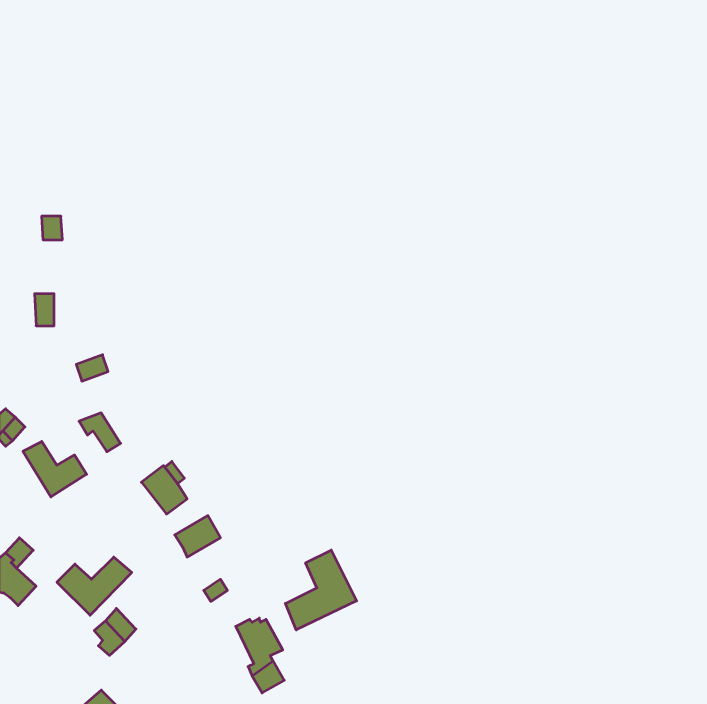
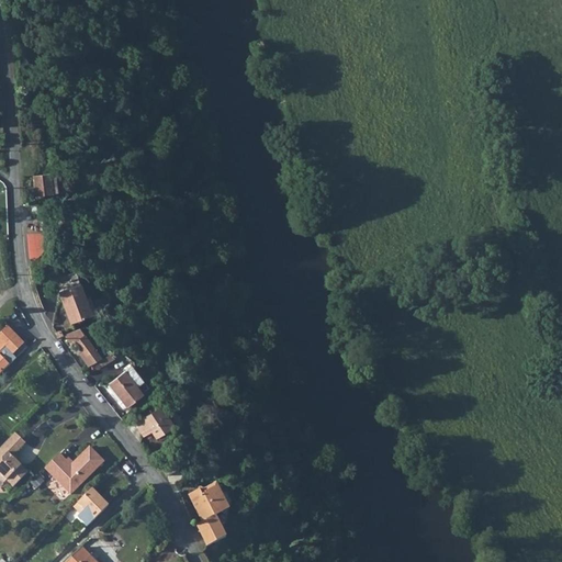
building: none -> [65,297,92,324]
building: [23,441,87,497] -> none
building: [285,550,357,630] -> none

